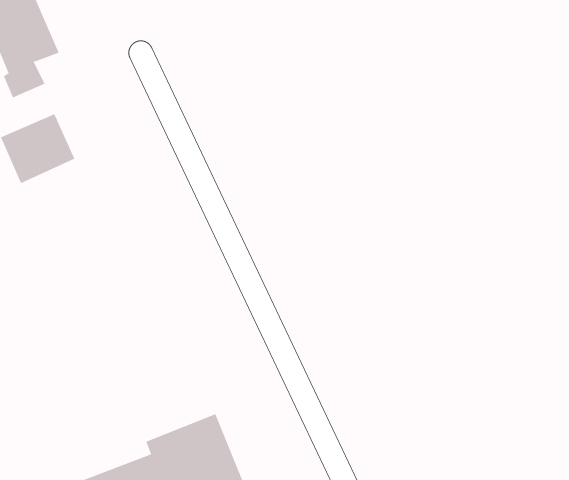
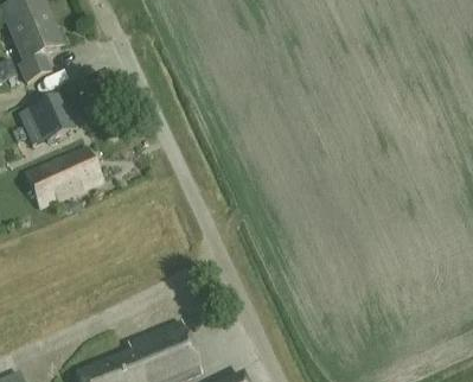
building: none -> [27,145,103,205]

